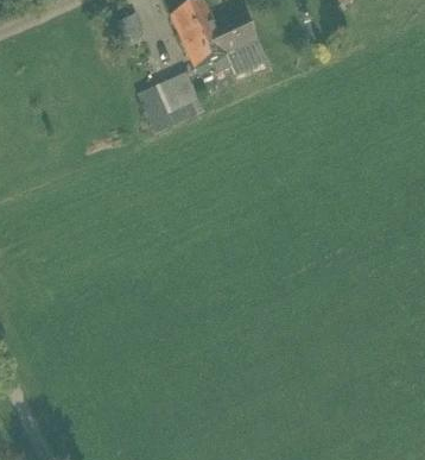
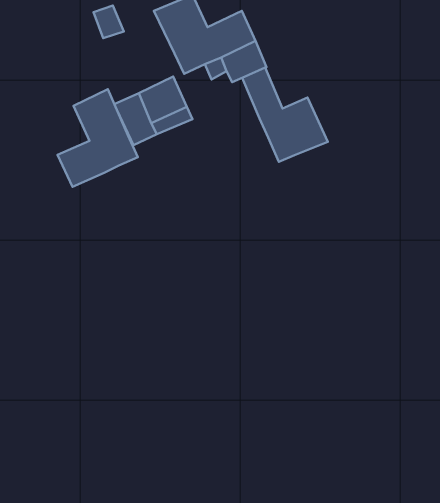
building: none -> [242,68,328,162]
building: none -> [58,89,138,187]

